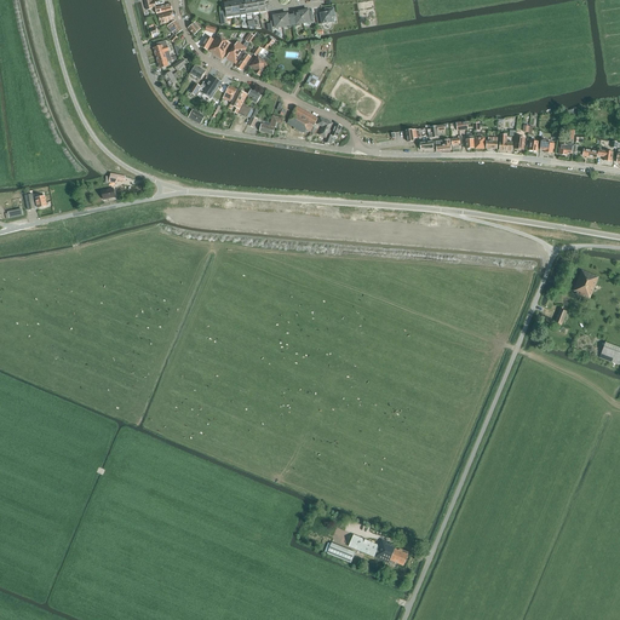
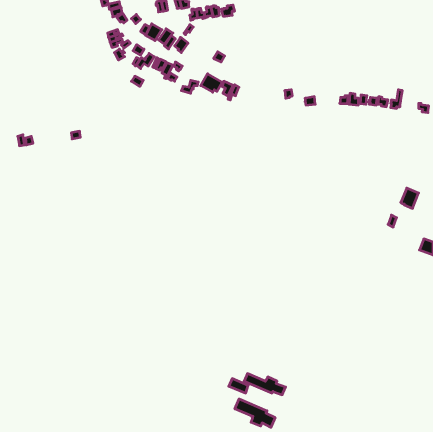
building: none -> [235,399,275,427]

